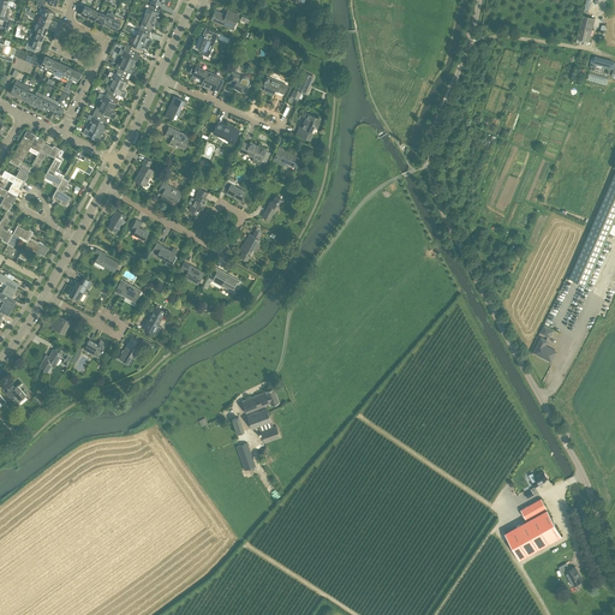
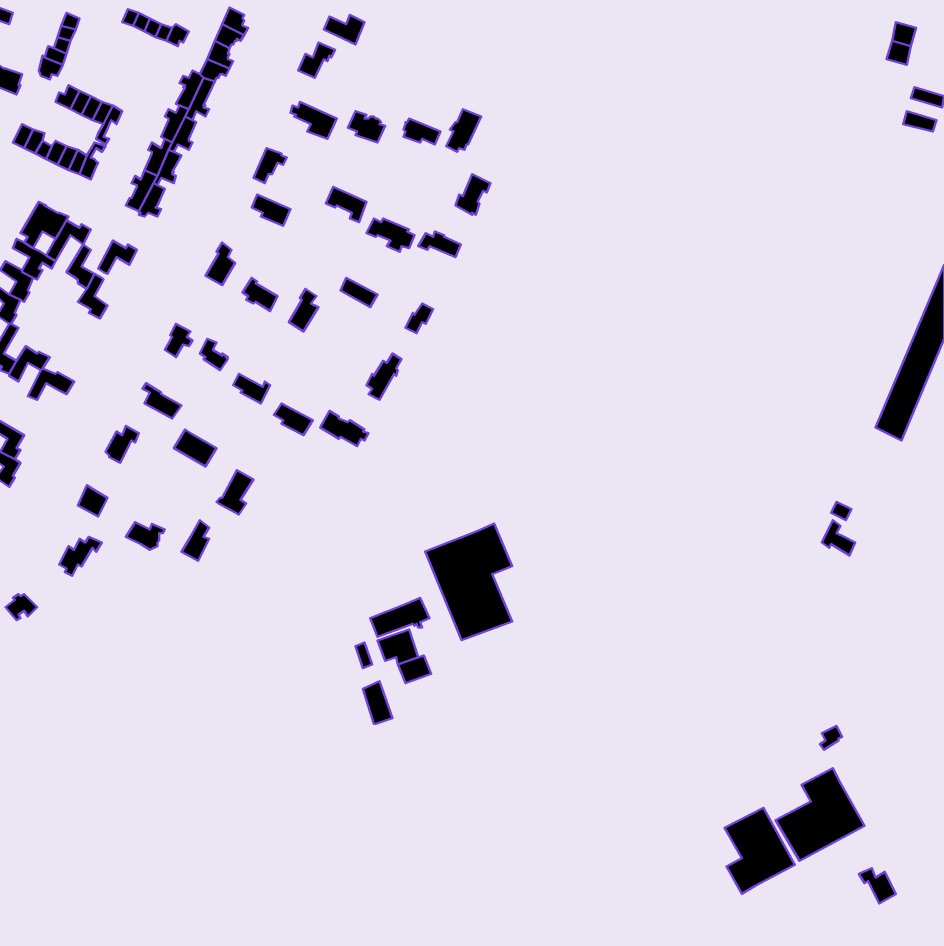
building: none -> [425,523,512,640]
building: none -> [725,808,795,894]

